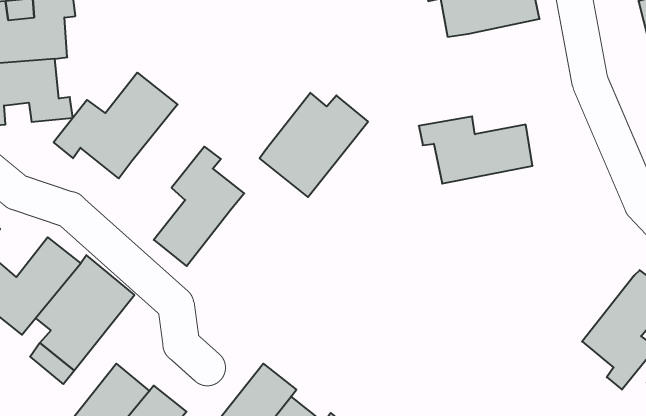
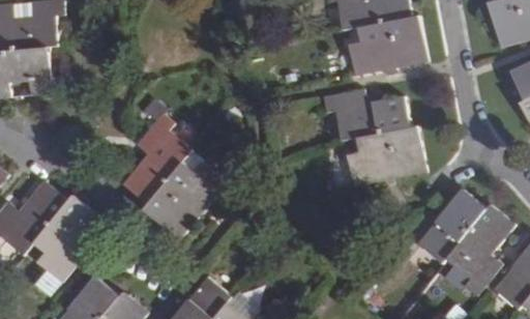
building: none -> [350,14,429,75]
building: [54,73,178,178] -> none
building: [260,93,368,197] -> [142,160,224,238]
building: none -> [347,124,425,183]
building: none -> [416,190,484,263]

